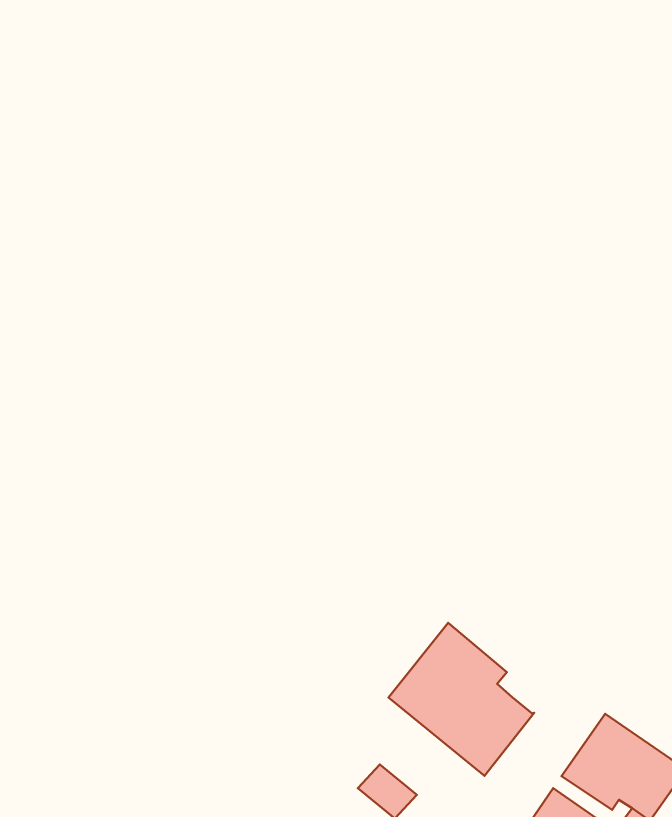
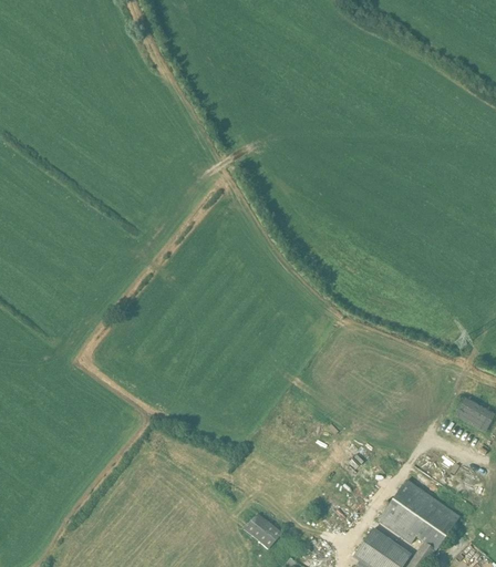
building: [389,623,534,776] -> none

